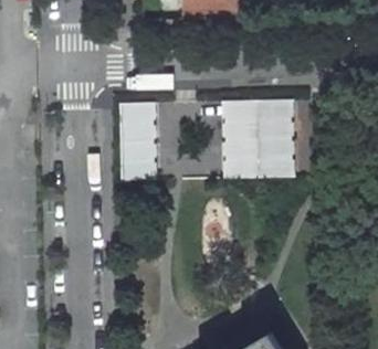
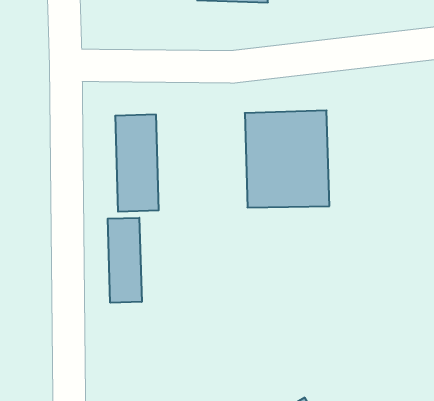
building: none -> [108,218,142,303]

